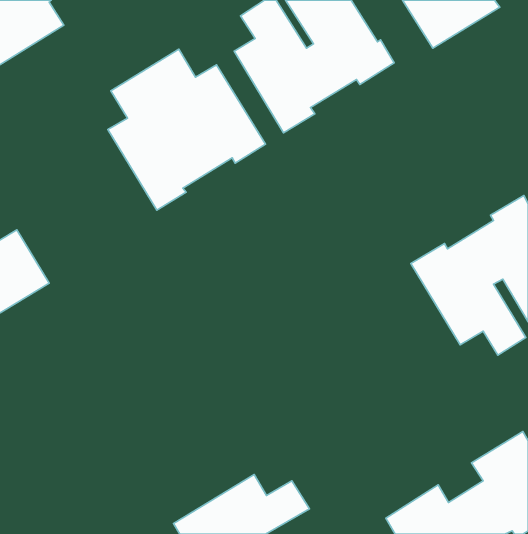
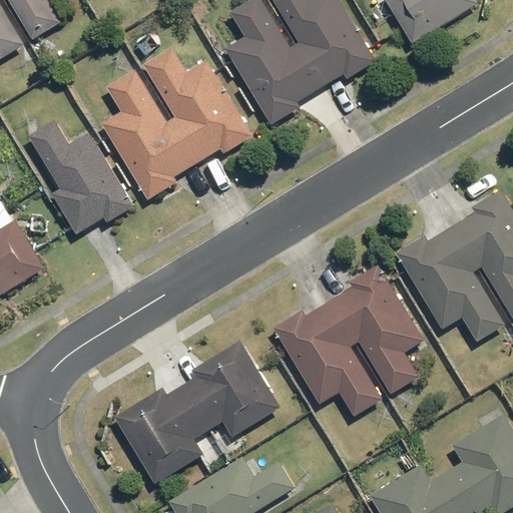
building: none -> [27,121,134,235]
building: none -> [272,263,423,415]
building: none -> [116,344,280,484]

